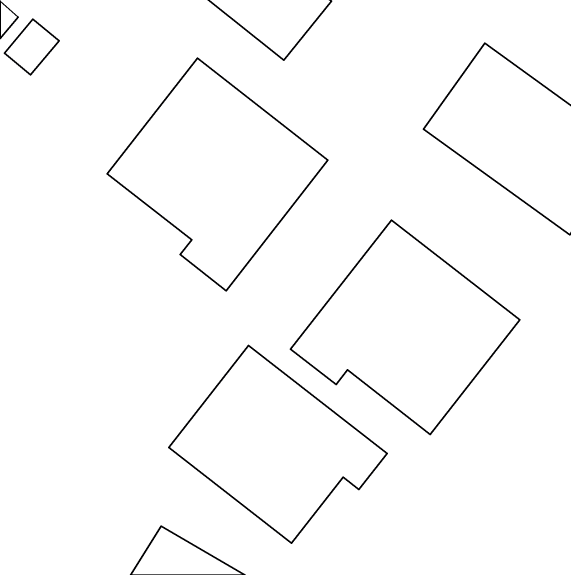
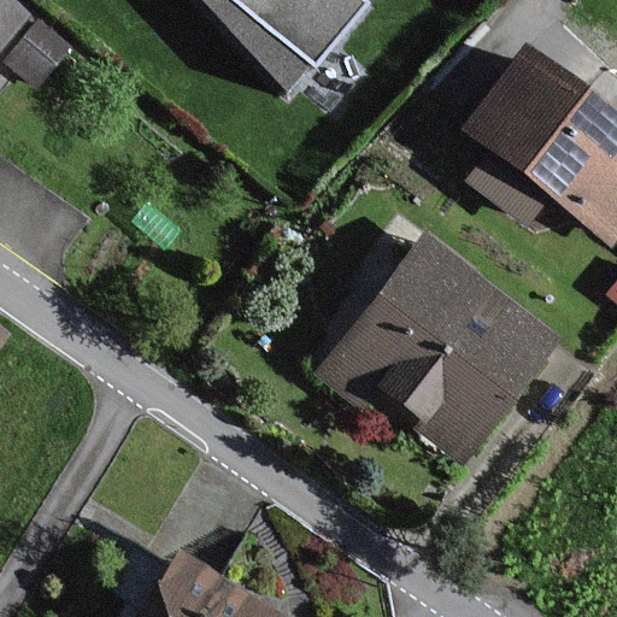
building: [107,58,328,291] -> none
building: [169,346,387,543] -> none

